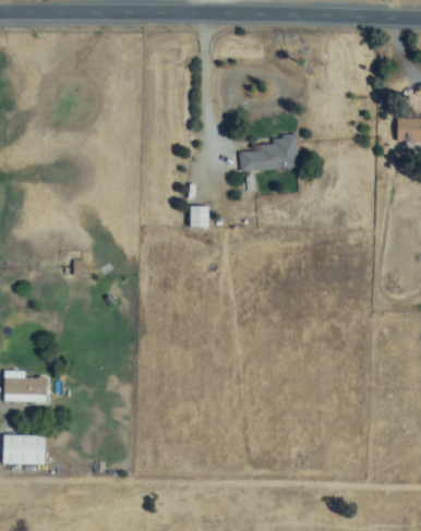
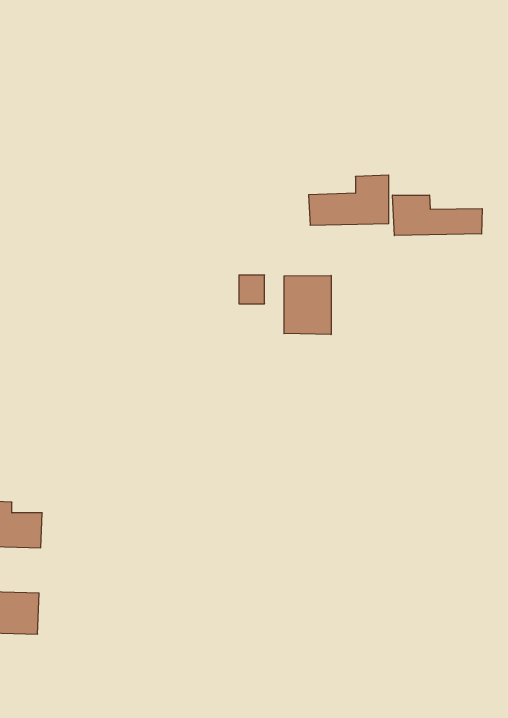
building: none -> [393,195,482,236]
building: none -> [284,275,331,335]

